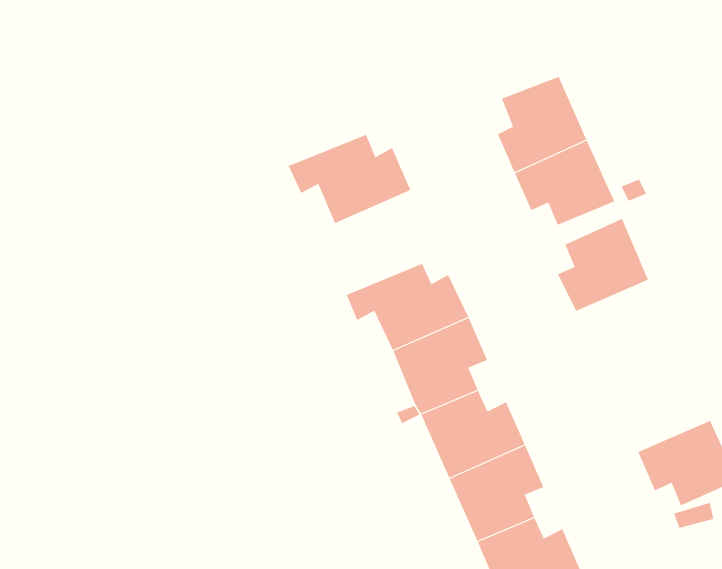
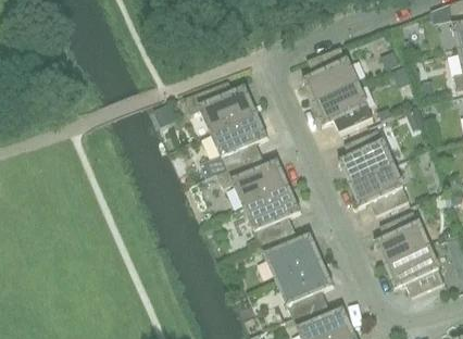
building: none -> [199,112,266,178]
building: none -> [350,164,409,214]
building: none -> [375,210,428,264]

